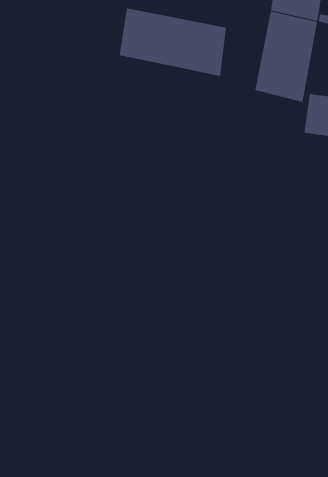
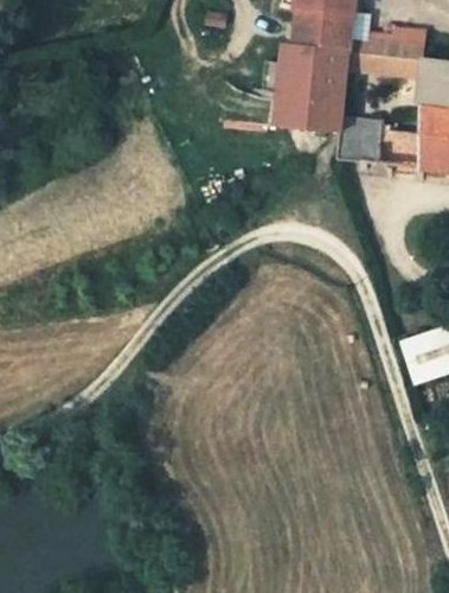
building: [119,7,226,77] -> none

